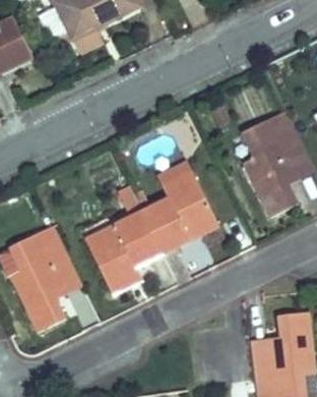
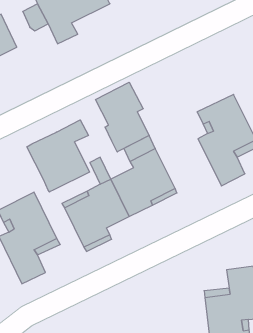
building: none -> [96,82,149,152]
building: none -> [27,120,90,192]

